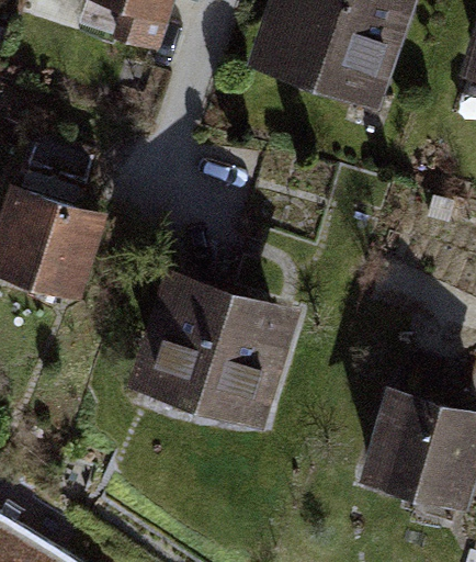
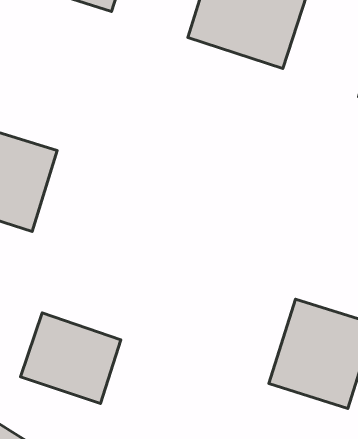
building: [133,271,299,431] -> none
building: none -> [20,313,121,404]

